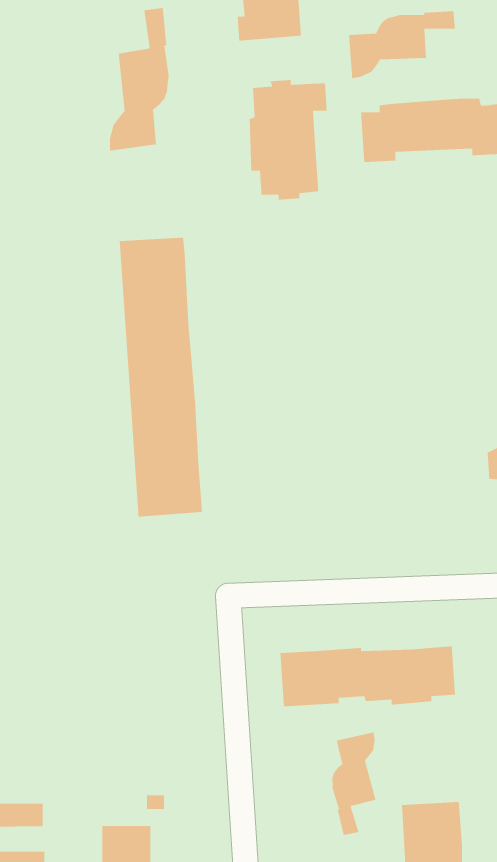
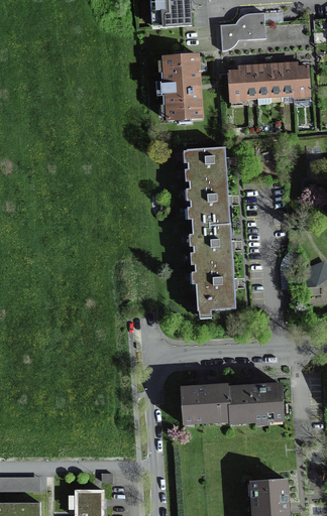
building: [109,7,169,151] -> none
building: [119,237,203,518] -> [186,150,235,315]
building: [332,732,376,836] -> none

